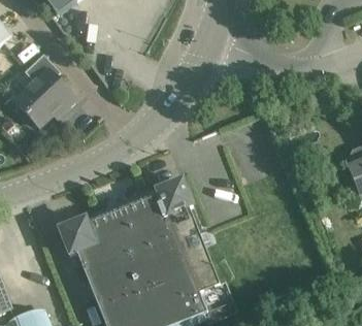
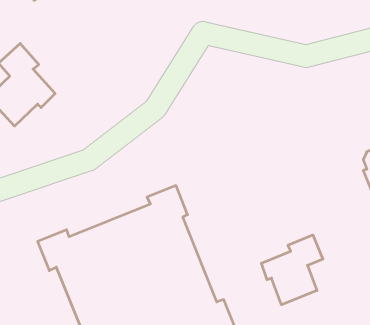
building: none -> [261,235,323,305]

